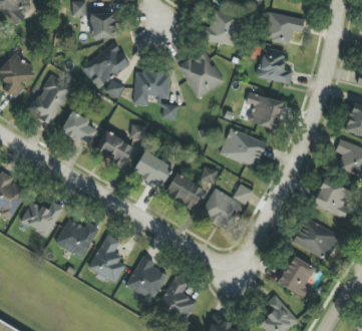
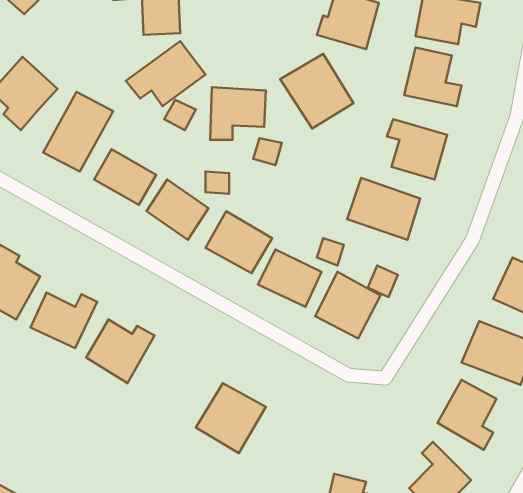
building: [87,234,126,284] -> none
building: [157,275,196,320] -> none

